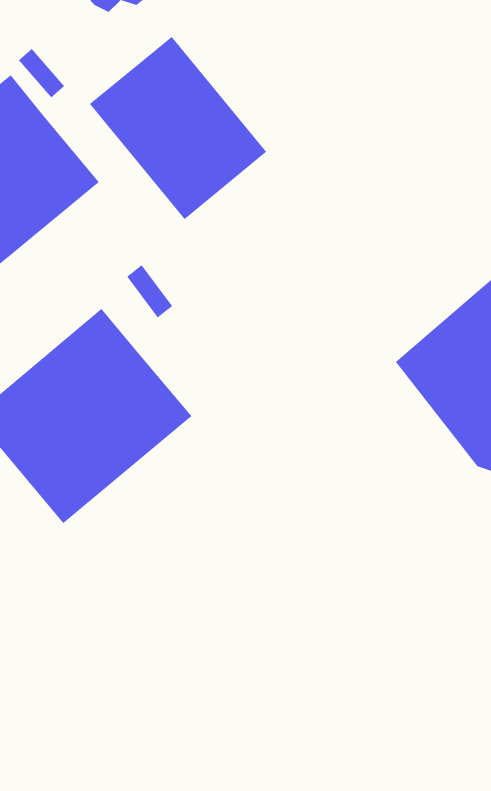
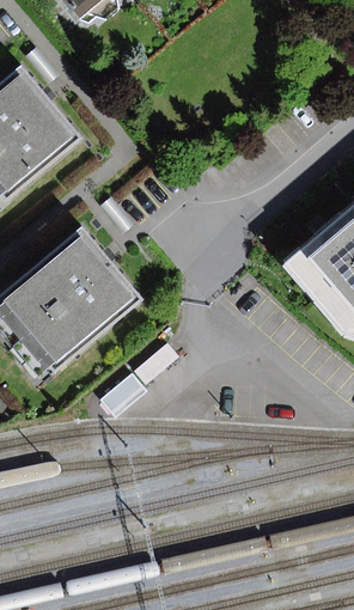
building: [89,36,267,220] -> none

